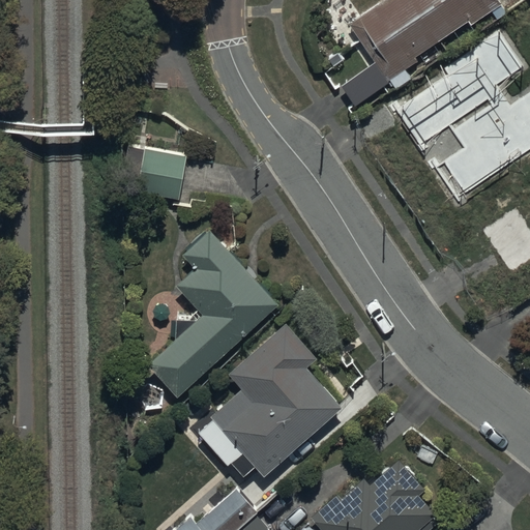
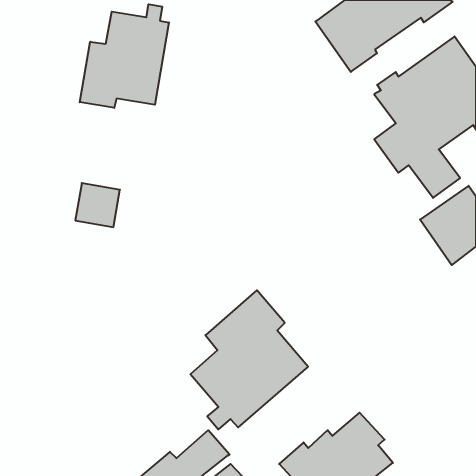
building: none -> [80,4,169,108]
building: [137,149,186,198] -> [75,183,120,227]
building: [148,228,277,396] -> none

